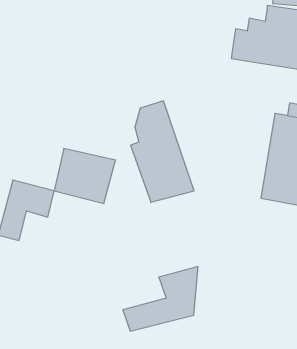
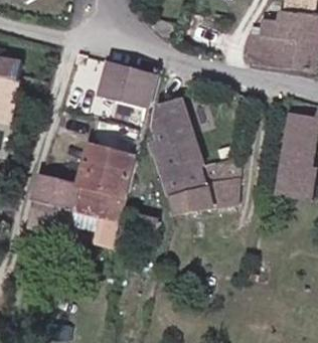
building: none -> [100,60,157,107]
building: none -> [72,184,126,247]
building: [123,267,198,331] -> [170,154,242,215]

